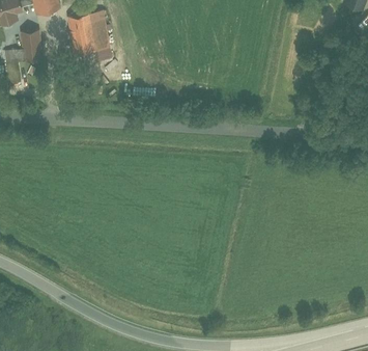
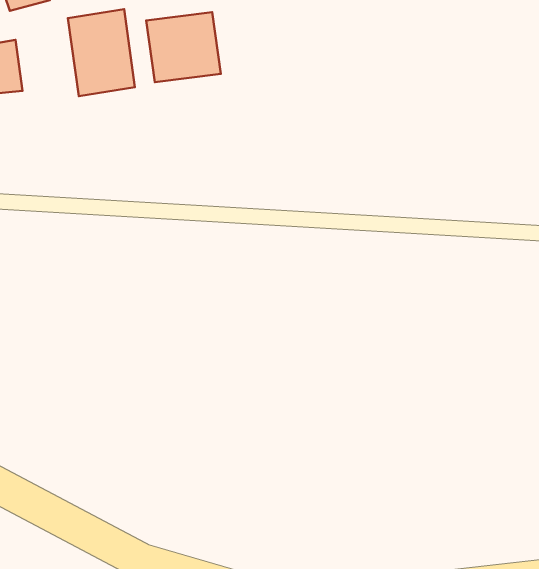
building: none -> [146,12,221,82]

